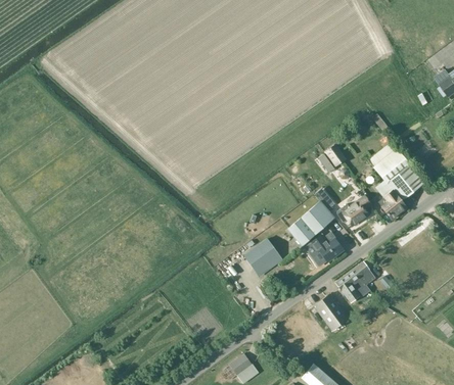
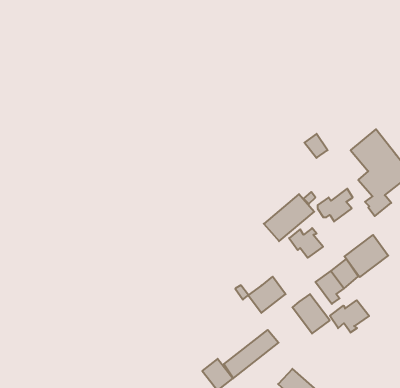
building: [244,238,279,272] -> [248,277,286,313]
building: none -> [344,235,388,277]
building: none -> [330,300,369,333]
building: none -> [224,330,279,378]

